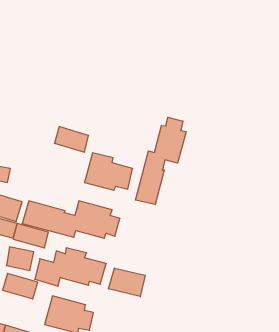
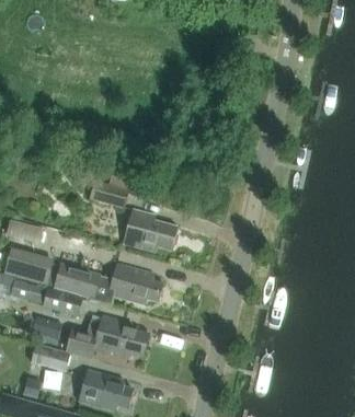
building: [135,117,186,205] -> none
building: [108,268,145,297] -> none

